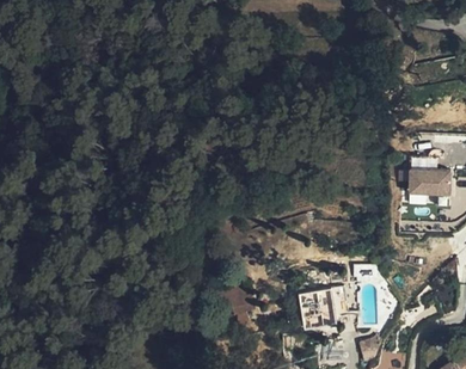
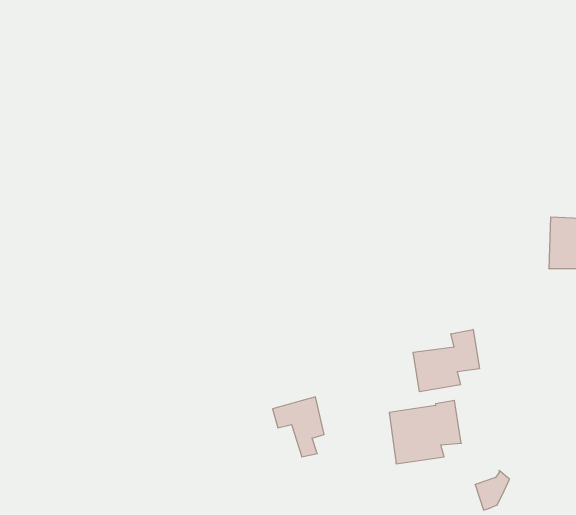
building: none -> [413,329,479,392]

